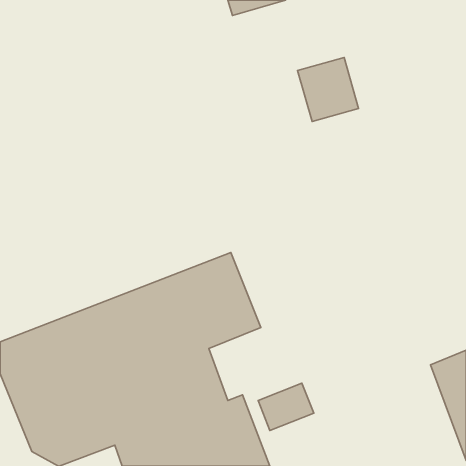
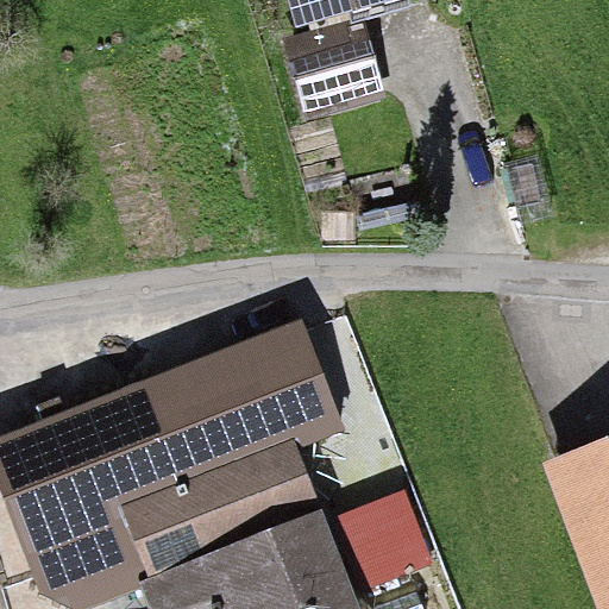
building: [298,58,359,121] -> [291,30,371,113]

